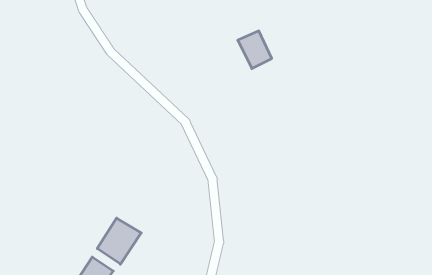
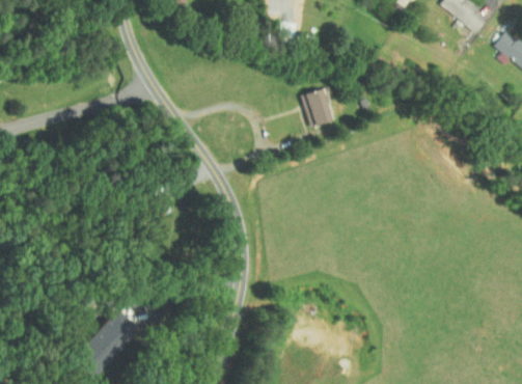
building: [97,218,141,264] -> none

